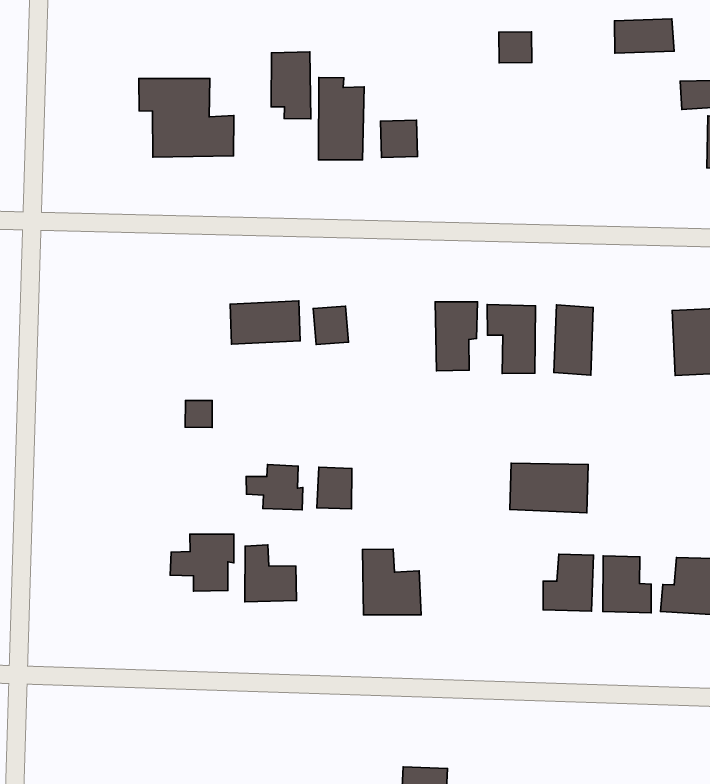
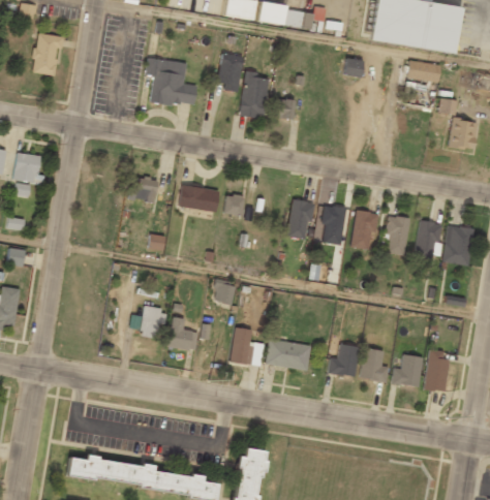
building: none -> [129,177,158,202]
building: none -> [386,215,411,255]
building: [510,463,588,513] -> [266,339,311,371]
building: [246,465,303,510] -> none

